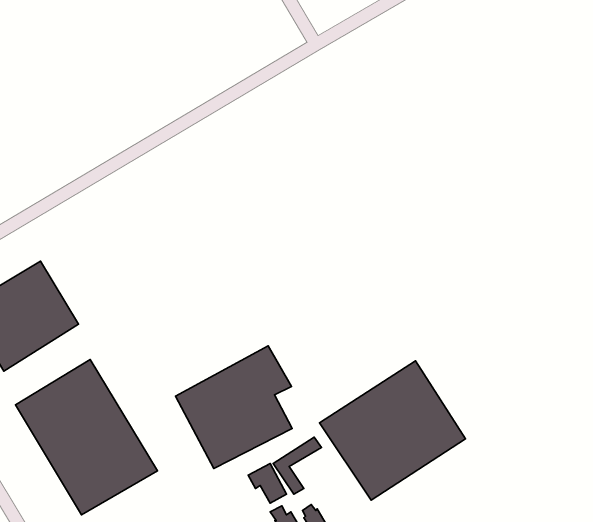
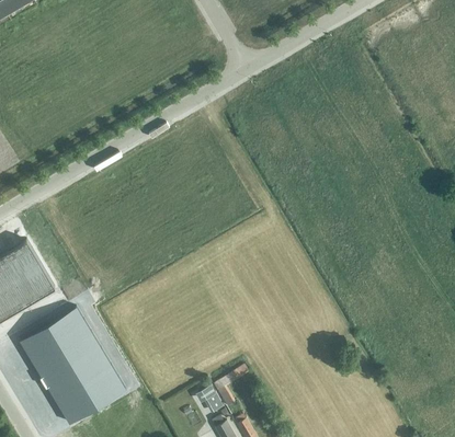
building: [175,346,292,468] -> none
building: [319,361,466,500] -> none

